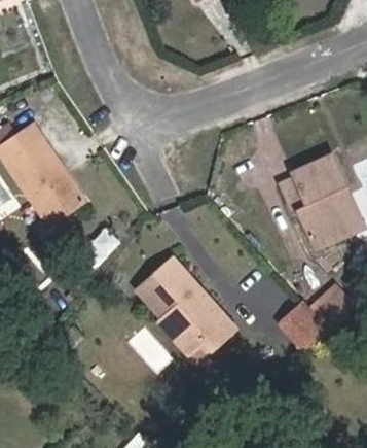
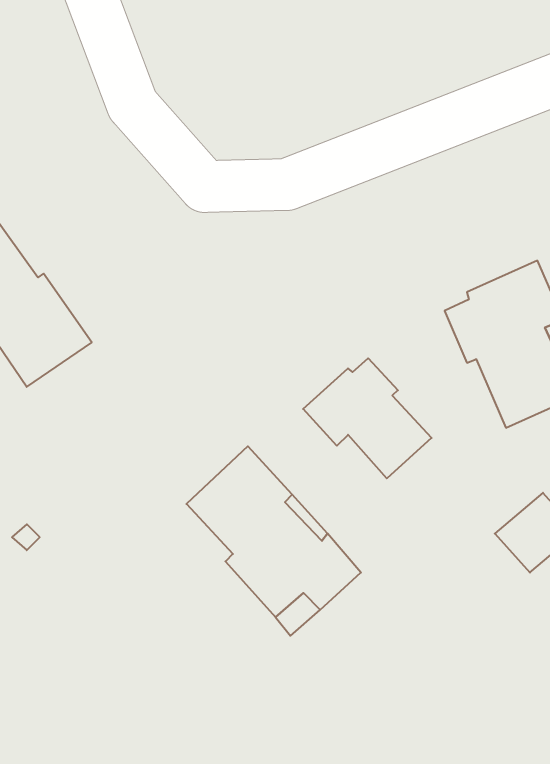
building: none -> [303,358,432,478]
building: [281,302,328,349] -> none

